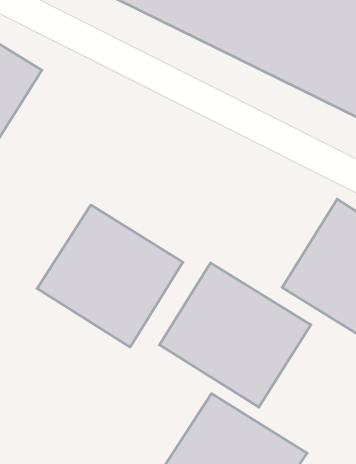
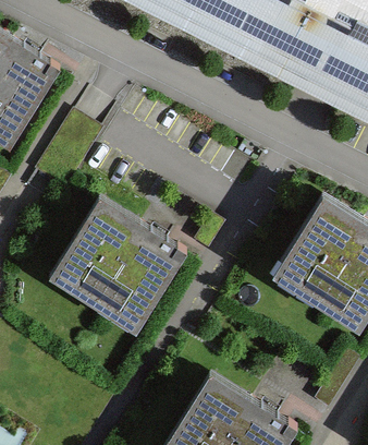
building: [159,263,311,407] -> none

